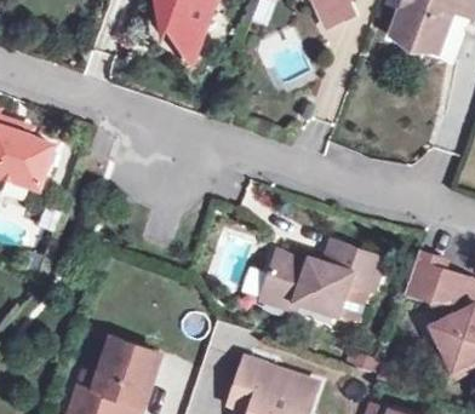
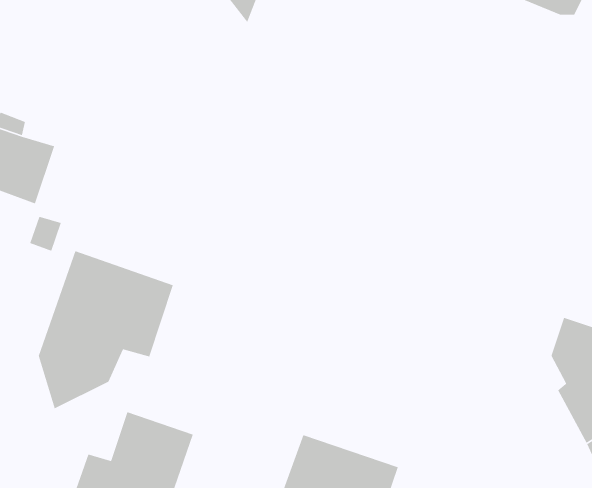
building: none -> [38,250,174,409]
building: [251,243,372,318] -> none

